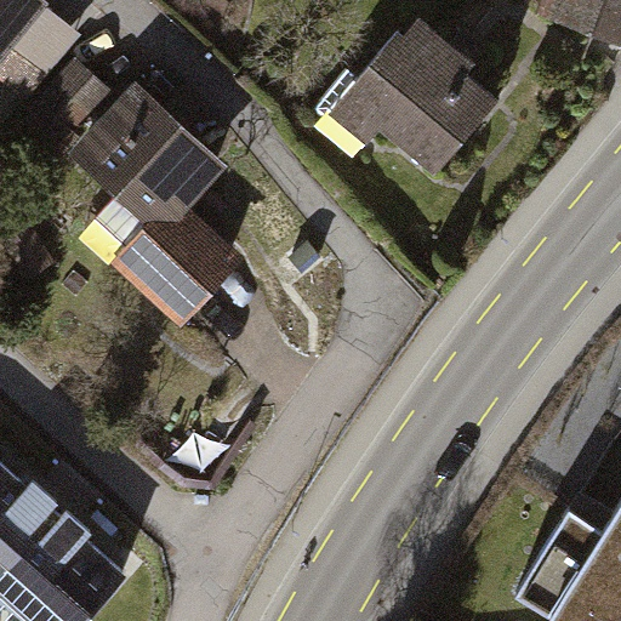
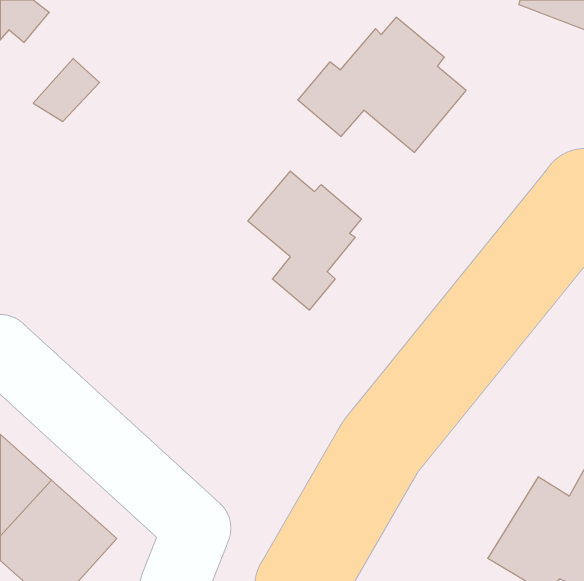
building: [82,95,233,313] -> none
building: none -> [248,171,361,310]

